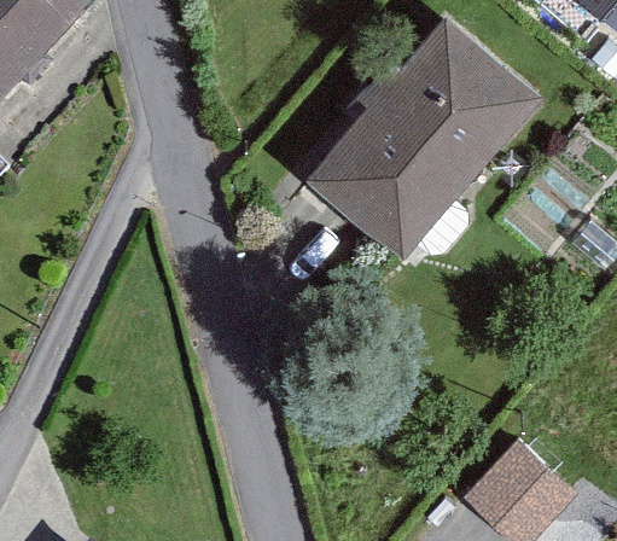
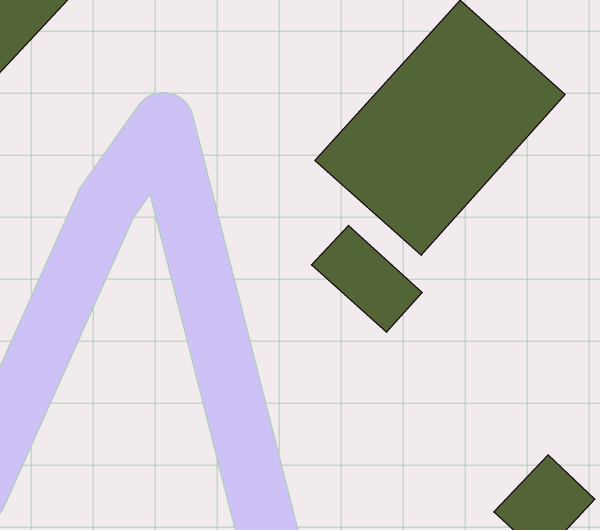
building: none -> [311,225,422,332]

